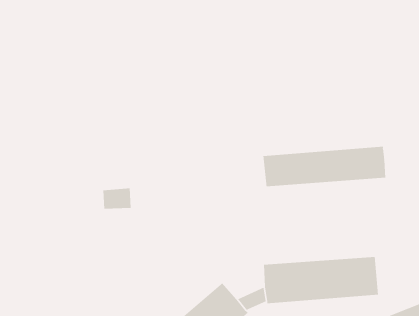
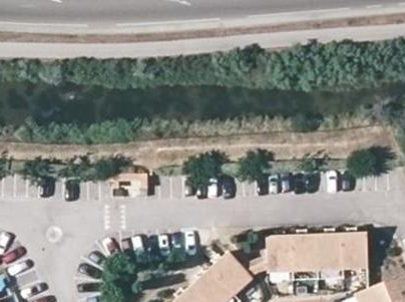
building: [263,146,386,187] -> none

